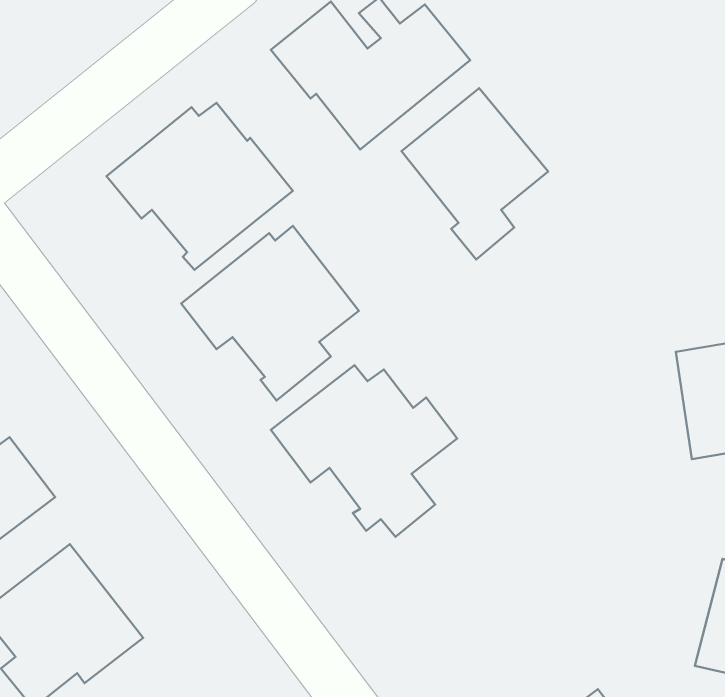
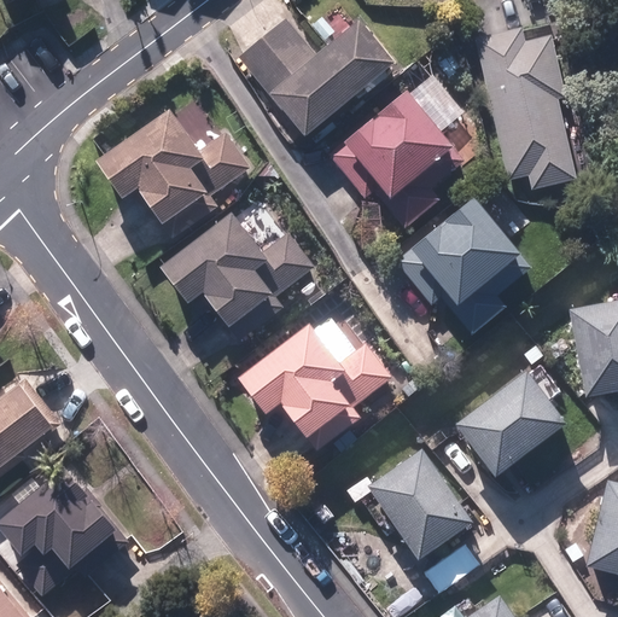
building: none -> [471,30,581,192]
building: none -> [409,190,531,337]
building: none -> [453,368,567,479]
building: none -> [365,444,474,559]

